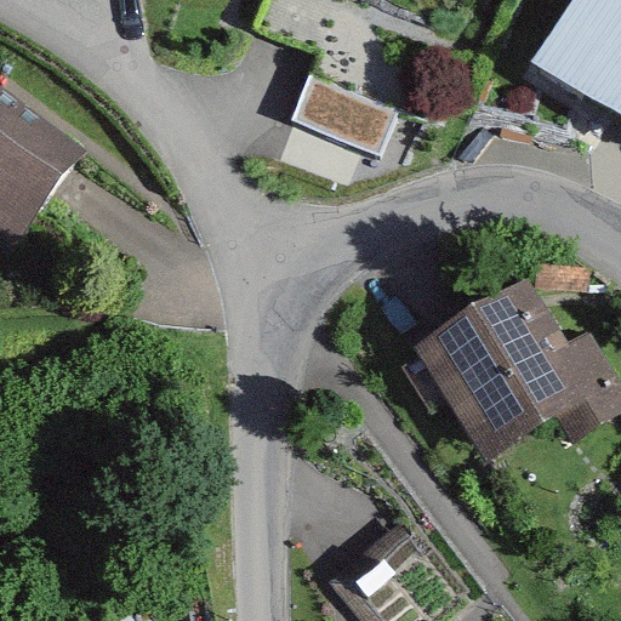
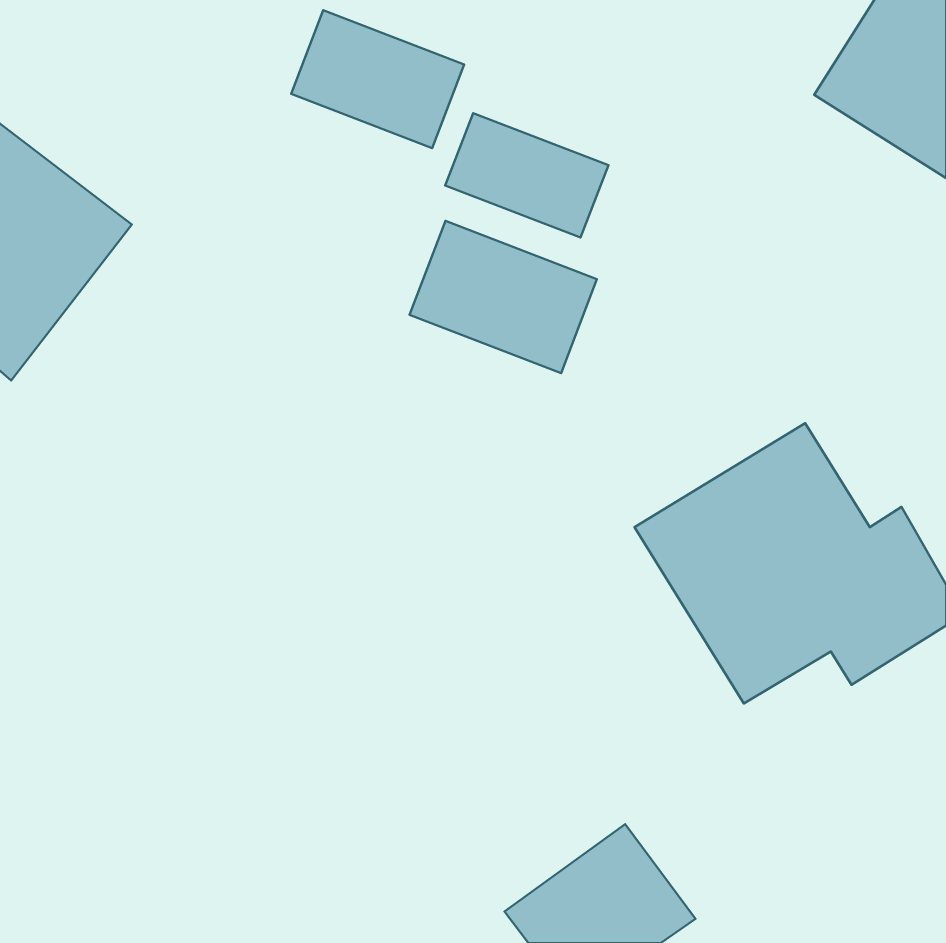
building: none -> [291,10,464,148]
building: none -> [409,221,597,373]

